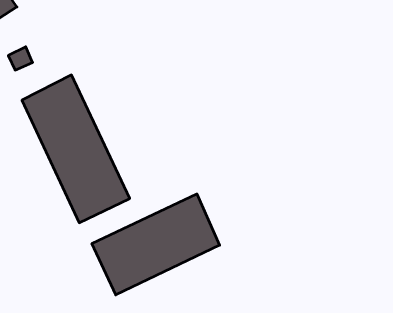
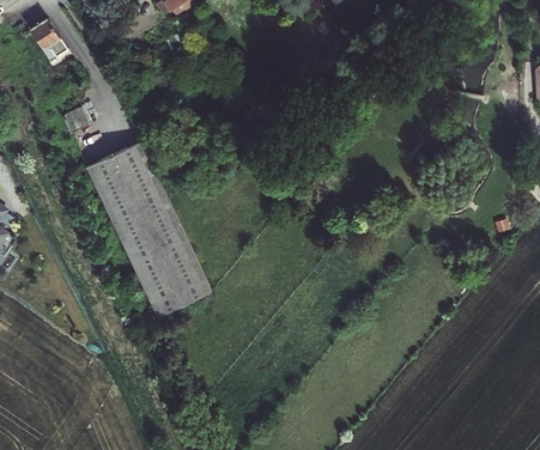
building: [92,194,220,295] -> none

